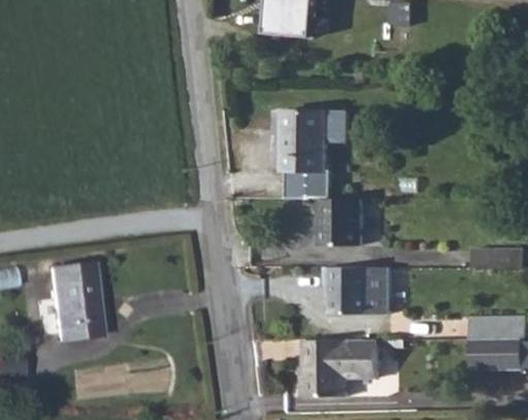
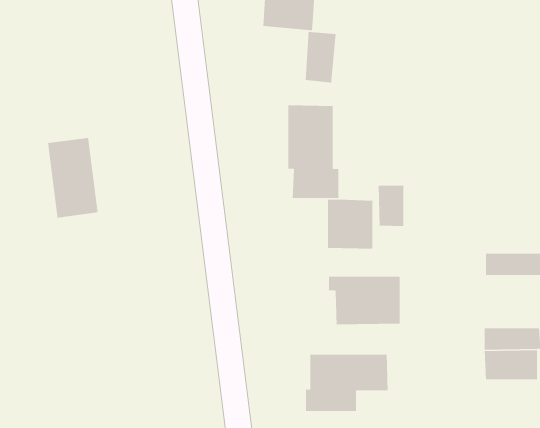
building: none -> [305,31,336,83]
building: none -> [378,185,404,227]
building: [51,257,99,333] -> [47,137,99,218]

